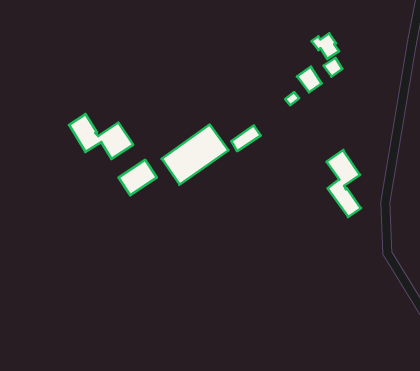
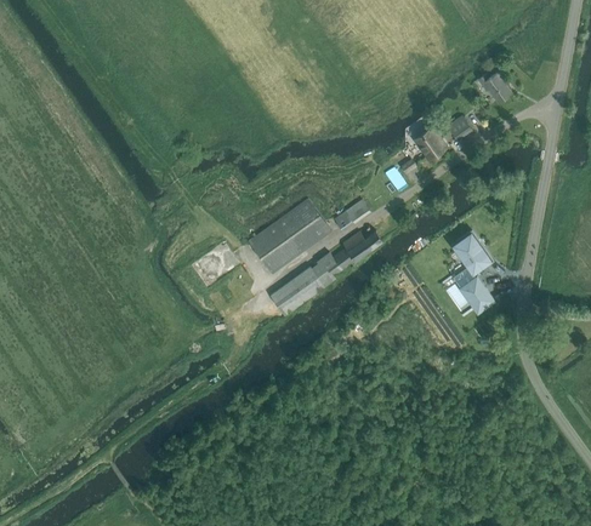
building: [312,33,339,59] -> [478,70,512,102]
building: [69,114,133,159] -> none
building: none -> [269,230,383,315]

